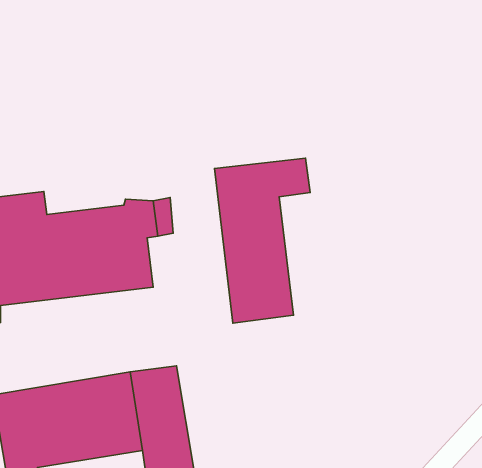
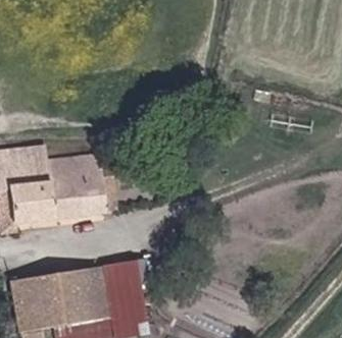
building: [215,158,310,323] -> none

